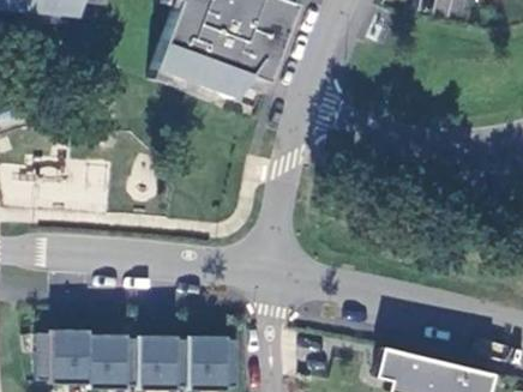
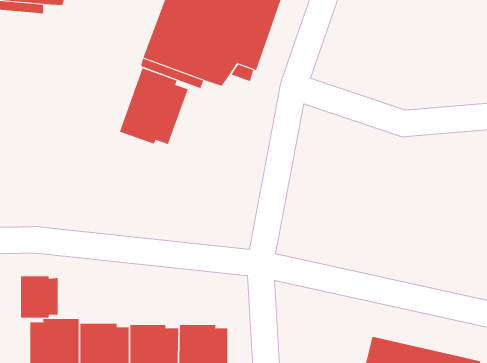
building: none -> [119,68,188,145]
building: none -> [21,275,58,318]

